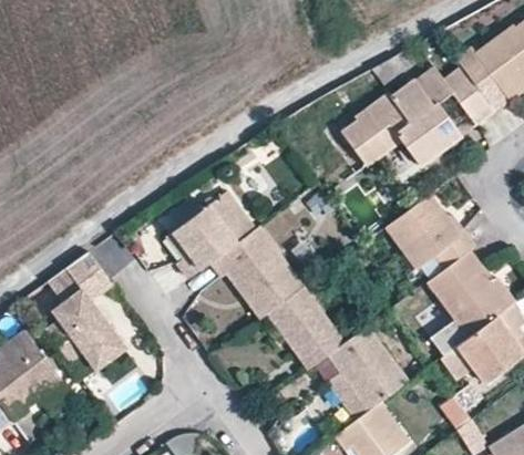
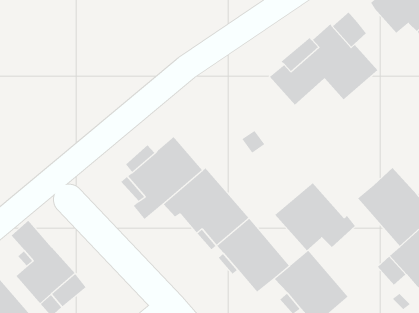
building: [445,70,497,128] -> none
building: [387,190,475,266] -> [275,182,356,251]
building: [63,254,110,302] -> none

